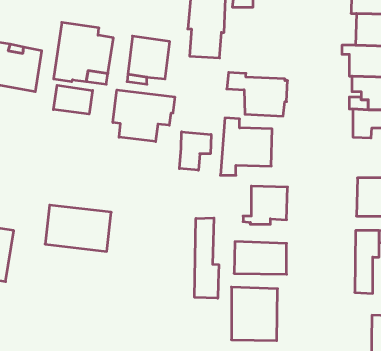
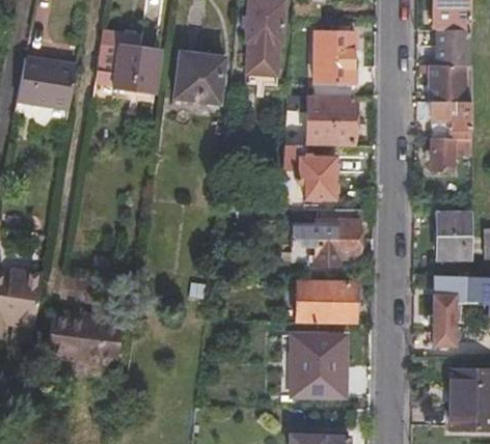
building: none -> [316,29,355,81]
building: [53,85,93,114] -> none
building: [113,90,175,142] -> none
building: [179,132,211,170] -> none
building: [45,205,111,251] -> [48,312,124,365]
building: [195,218,219,298] -> none

